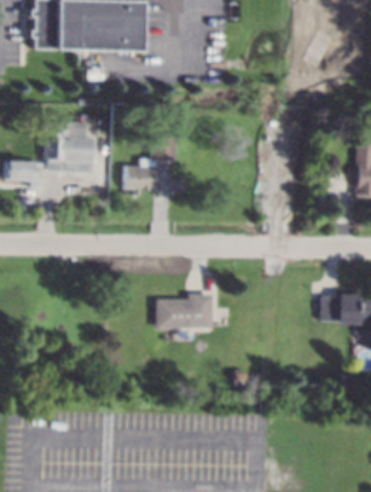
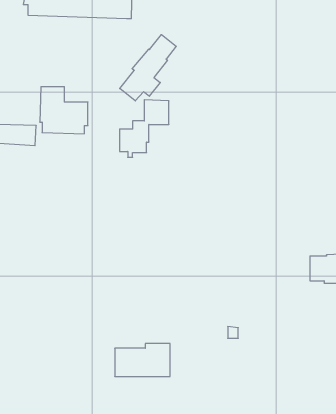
building: none -> [120,35,176,101]
building: [157,294,214,328] -> [115,344,170,376]

